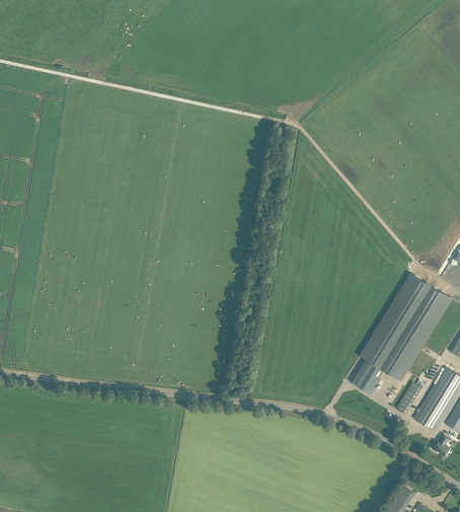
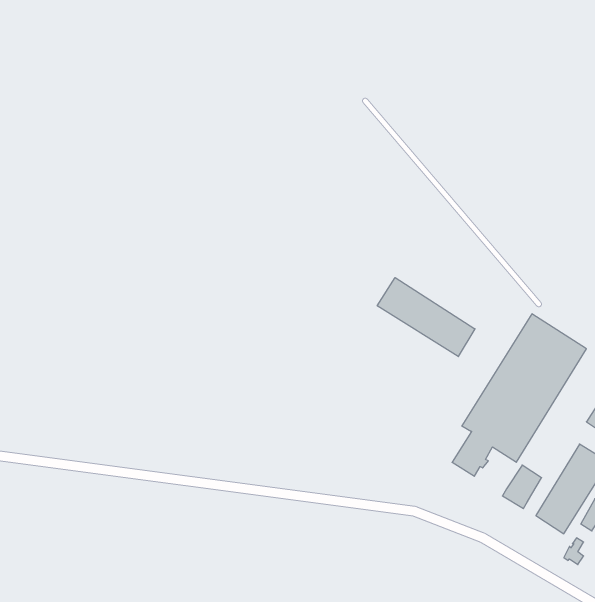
building: none -> [377,278,475,357]

